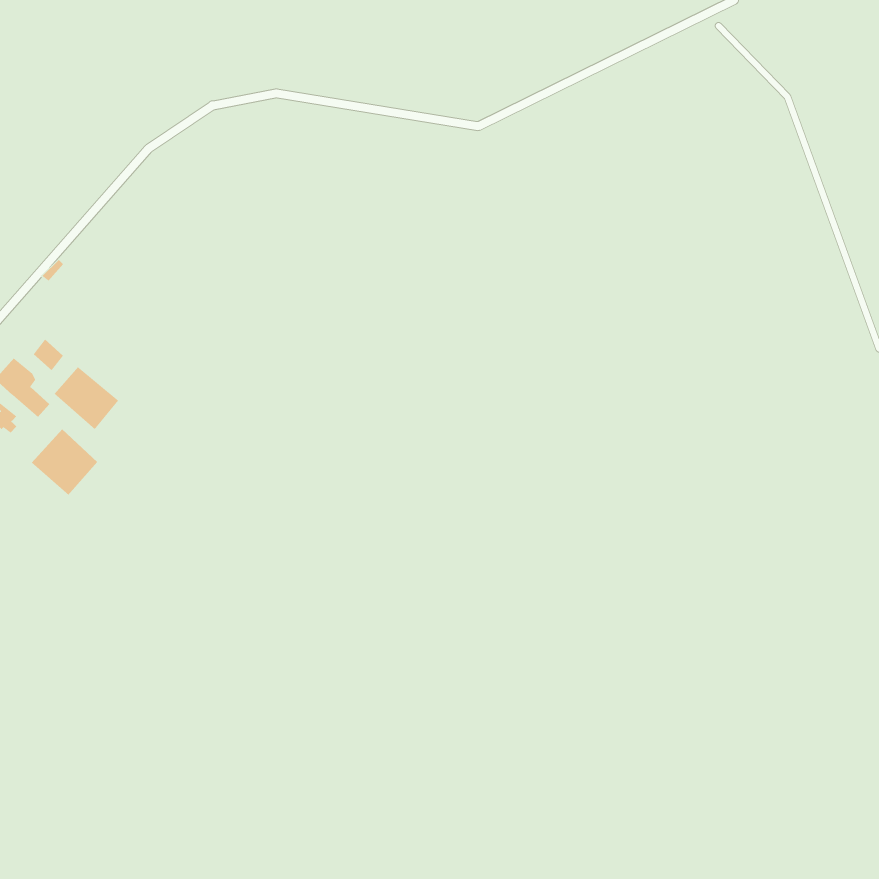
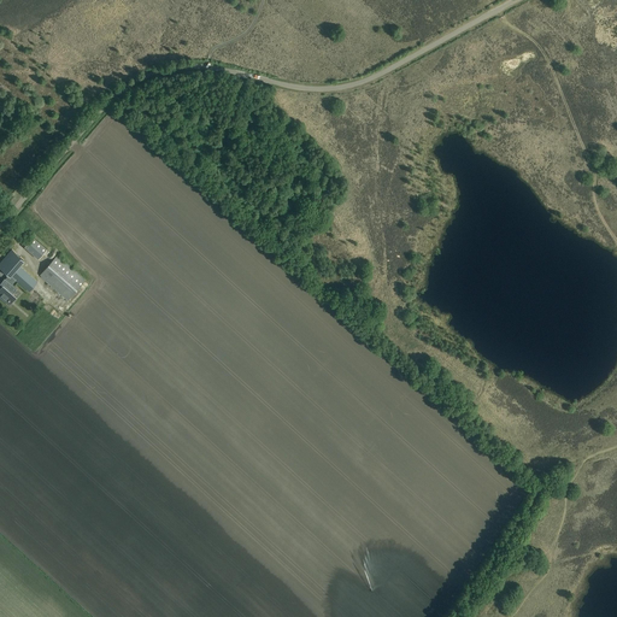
building: [31,428,98,496] -> none

